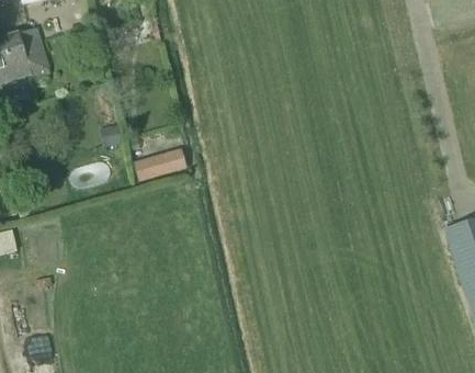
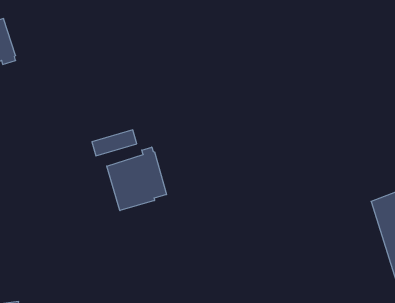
building: none -> [107,147,166,211]

